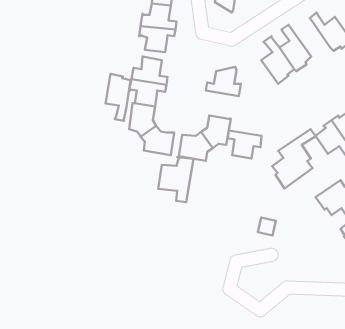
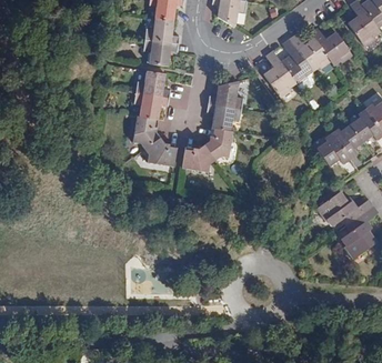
building: none -> [290,33,331,70]
building: [106,74,130,121] -> none
building: [272,129,316,188] -> none
building: [228,130,262,159] -> [208,103,241,131]
building: [158,157,194,202] -> none

